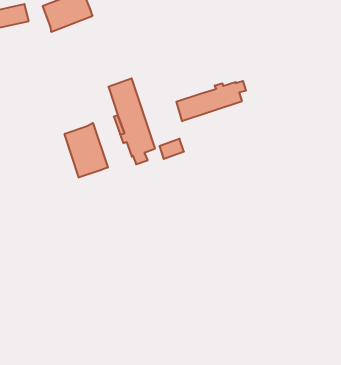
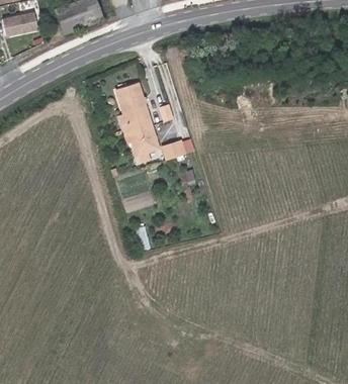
building: [176,81,246,121] -> none
building: [65,123,108,178] -> none

